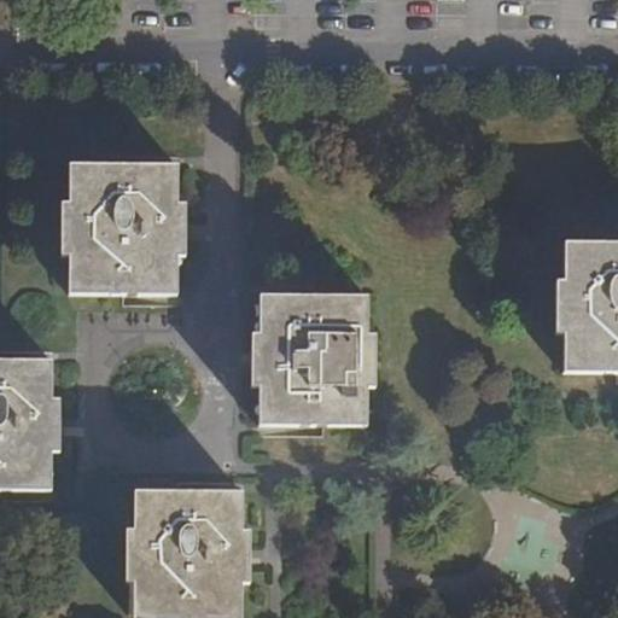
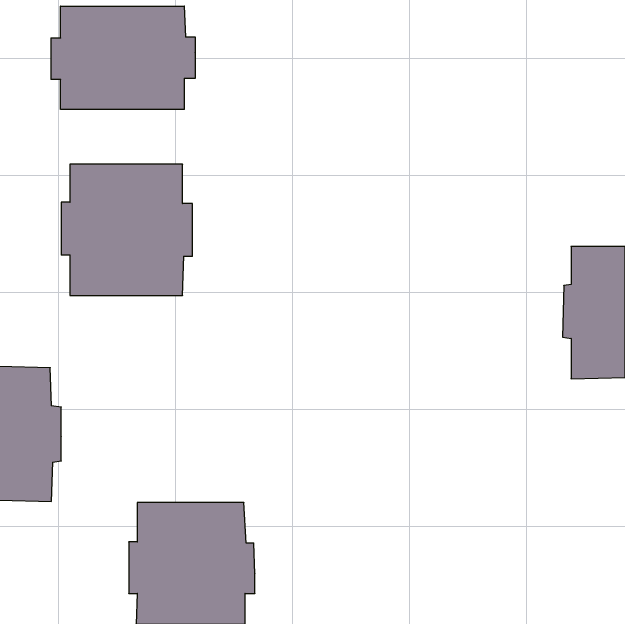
building: none -> [51,6,195,109]
building: [250,292,375,421] -> none

